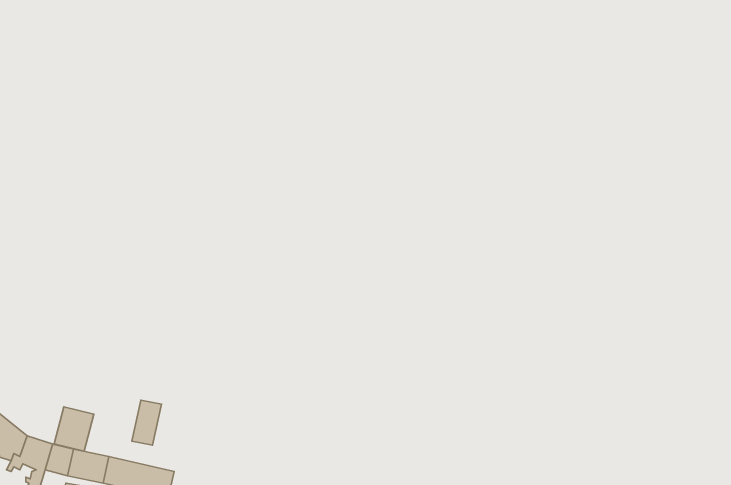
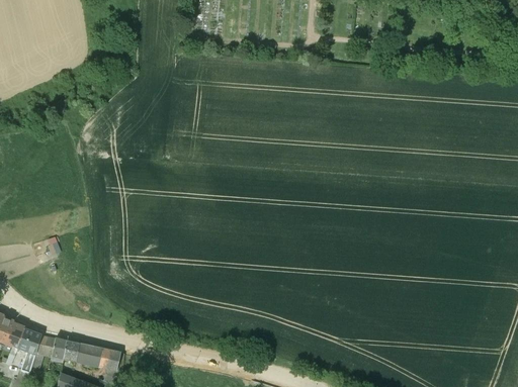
building: [132,400,162,445] -> none
building: [54,407,94,451] -> none

